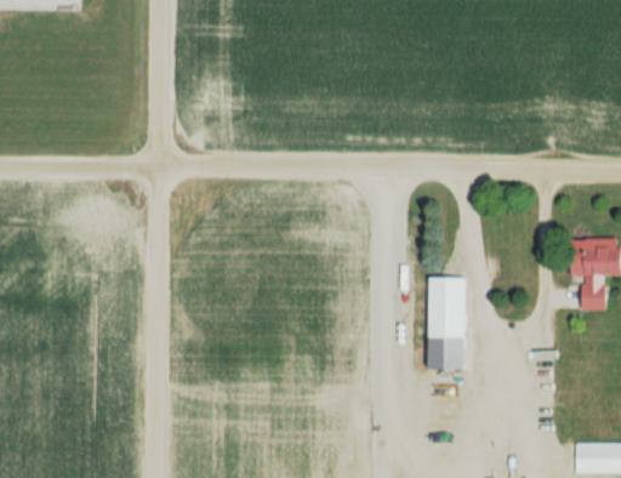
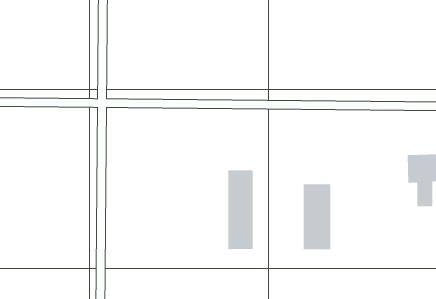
building: none -> [228,170,253,250]

